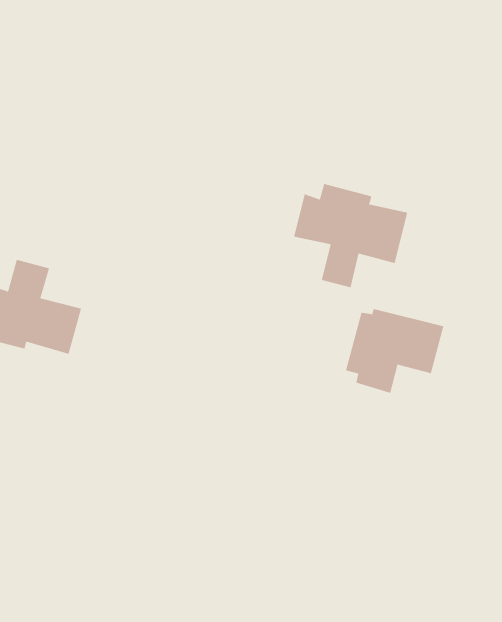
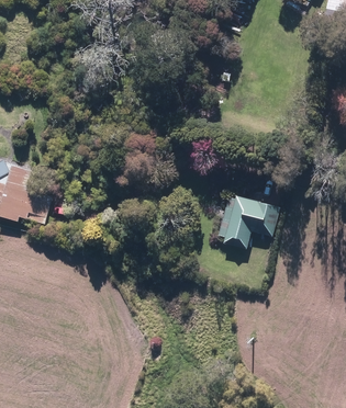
building: [293,183,408,288] -> none

